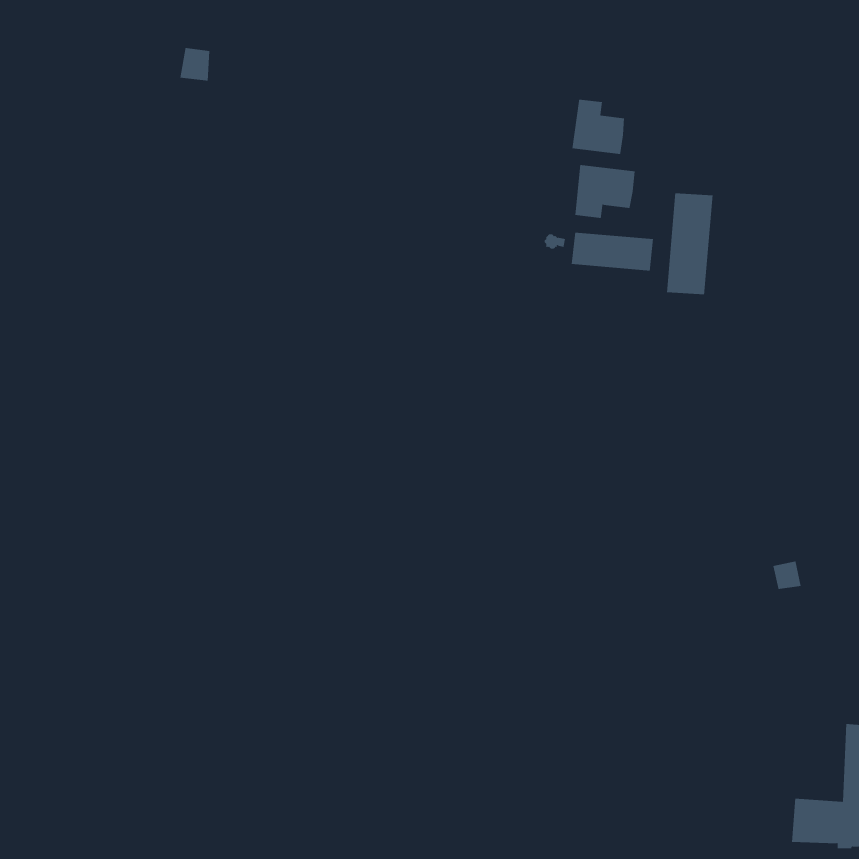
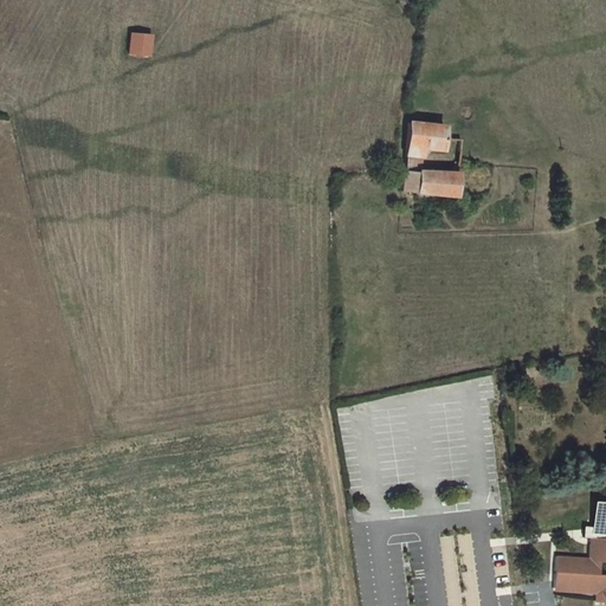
building: [572,99,624,155] -> none
building: [666,192,713,295] -> none

